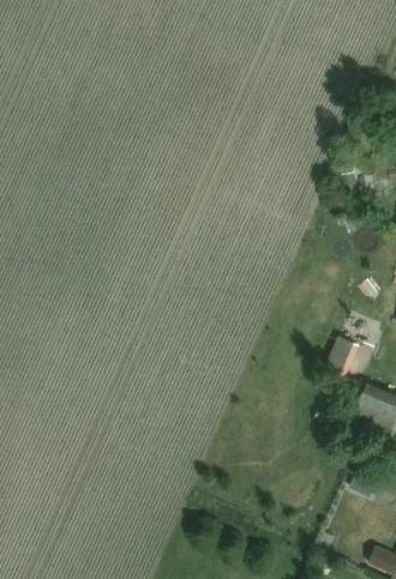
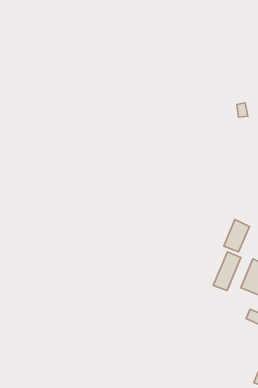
building: none -> [213,252,241,290]

